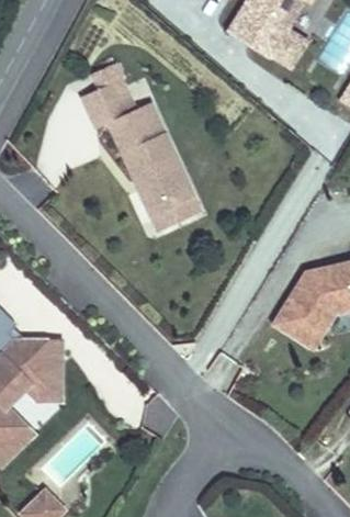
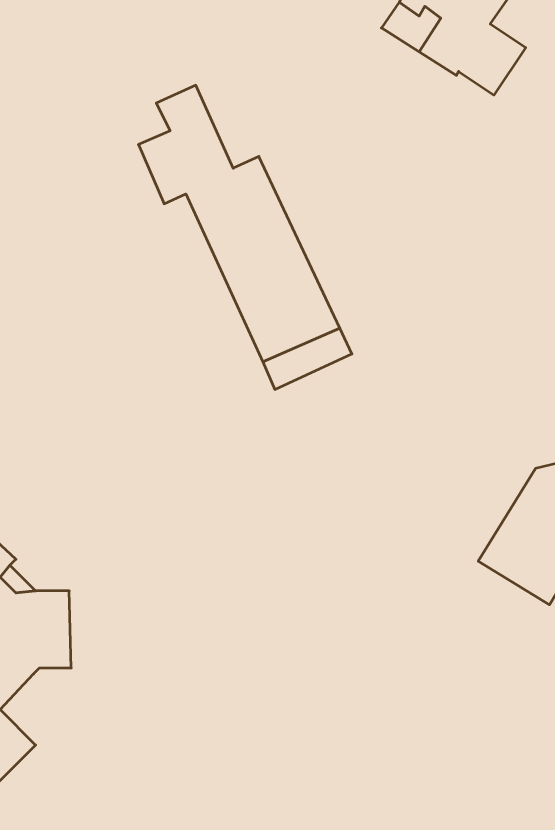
building: [26,341,63,400] -> none

